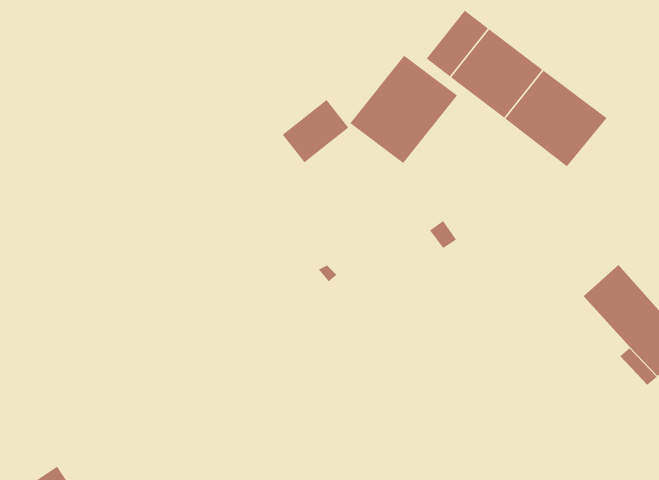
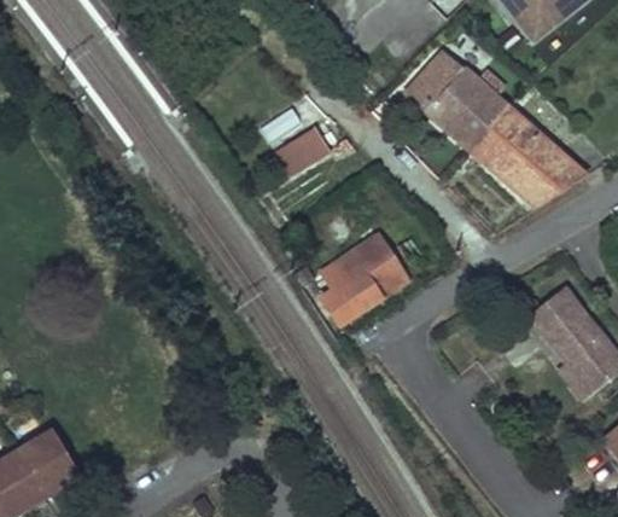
building: [350,55,458,164] -> none
building: none -> [525,156,585,208]
building: none -> [323,236,408,324]

